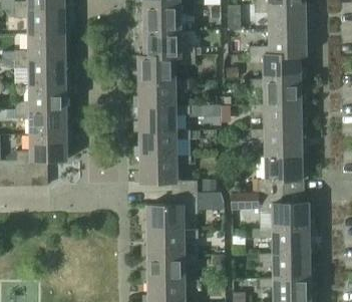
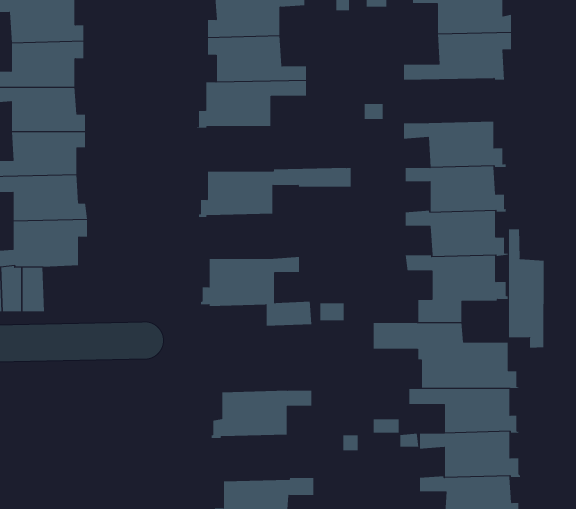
building: [249,54,306,79] -> none
building: [132,80,189,107] -> none
building: [133,130,190,157] -> none
building: none -> [508,229,544,348]
building: [139,193,224,232] -> none
building: [140,255,199,281] -> none

